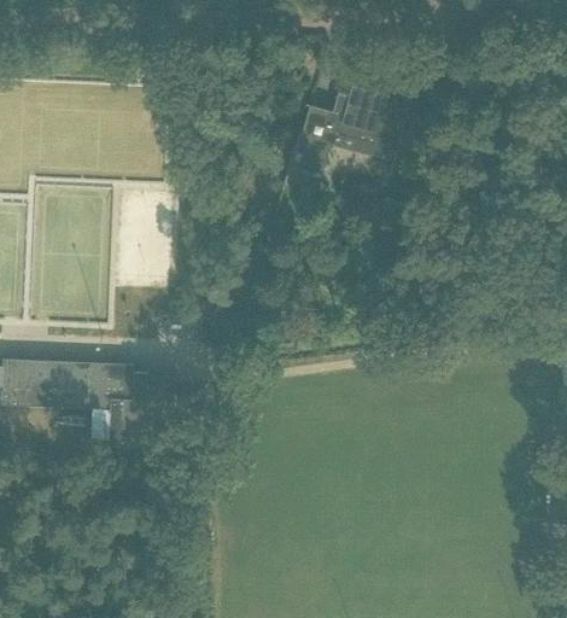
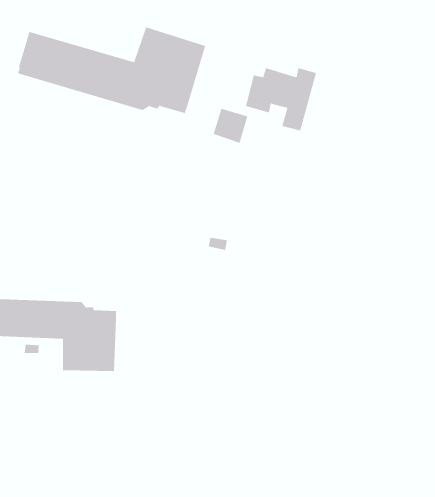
building: none -> [17,27,206,114]

